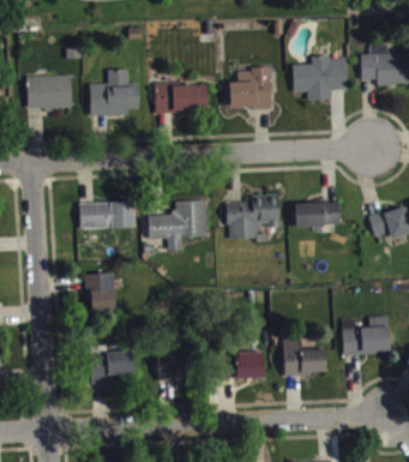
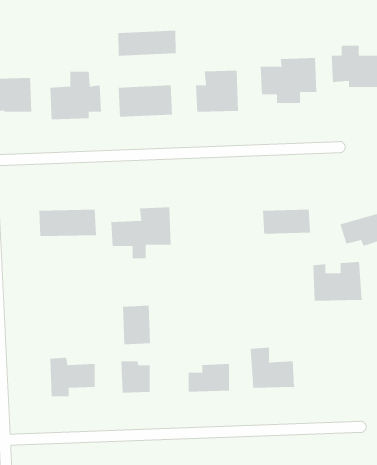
building: none -> [118,30,176,56]
building: [227,194,279,240] -> none
building: [88,274,115,312] -> [122,305,151,345]
building: [342,317,390,355] -> [313,261,362,301]

